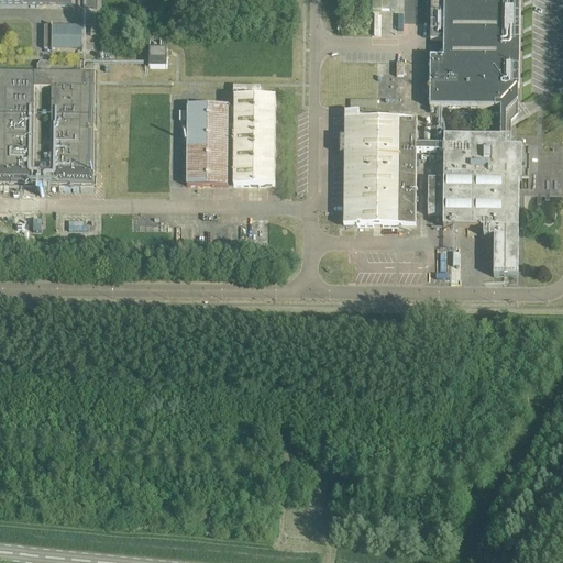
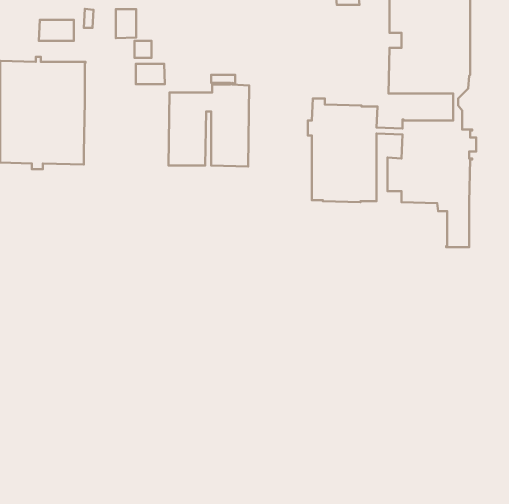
building: none -> [116,9,136,38]
building: none -> [136,64,165,84]

